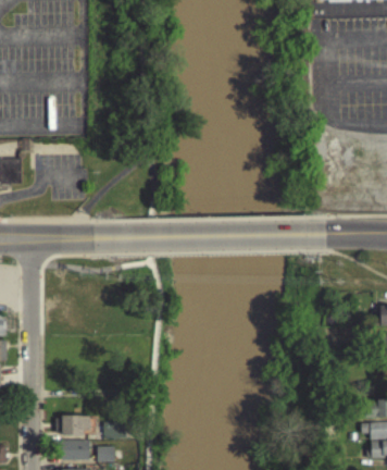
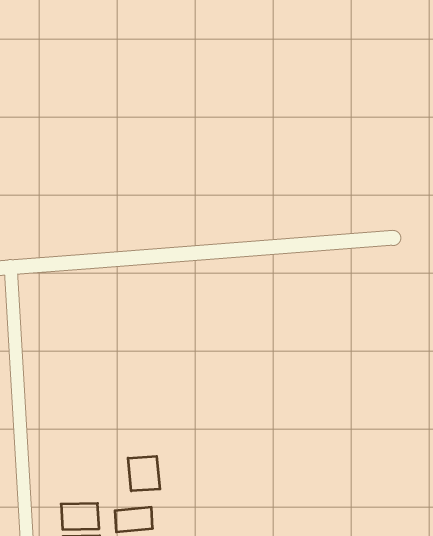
building: none -> [128,456,160,491]

